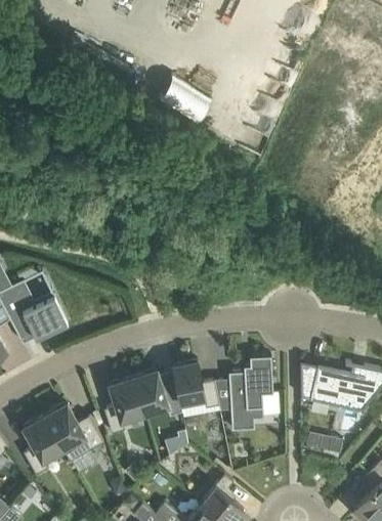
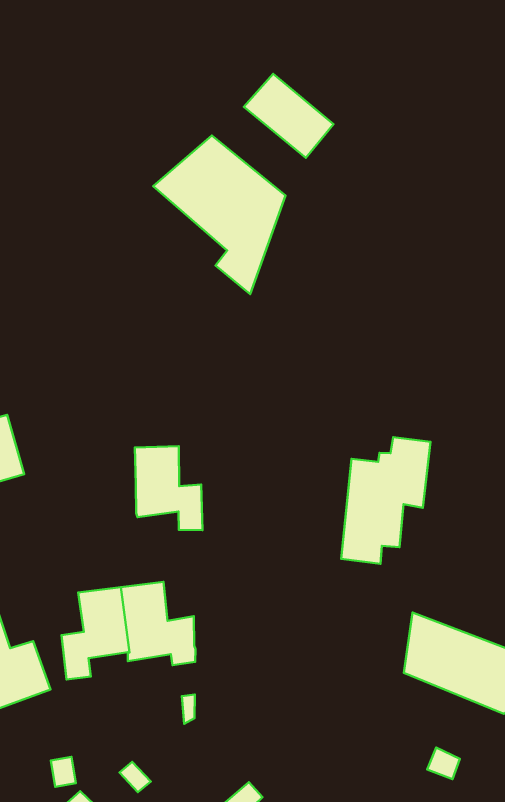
building: none -> [153,136,286,294]
building: [228,356,273,431] -> [341,437,431,564]
building: [173,361,219,408] -> [135,446,202,530]

